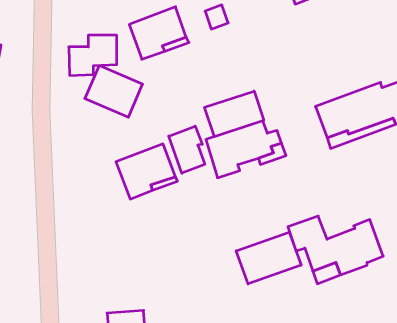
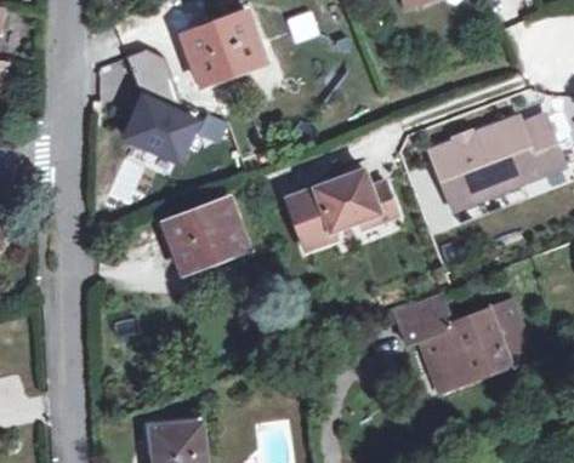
building: [205,91,264,137] -> none
building: [169,126,205,173] -> none
building: [236,232,301,284] -> none

